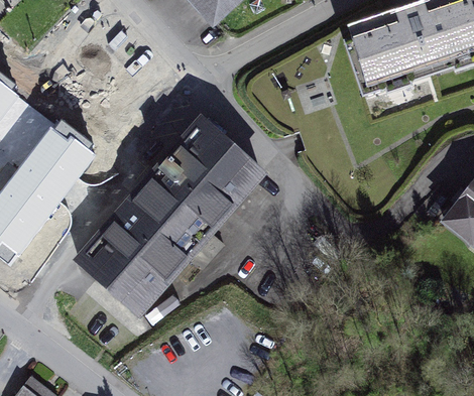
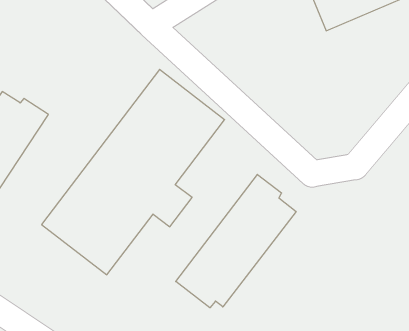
building: none -> [176,174,296,308]

